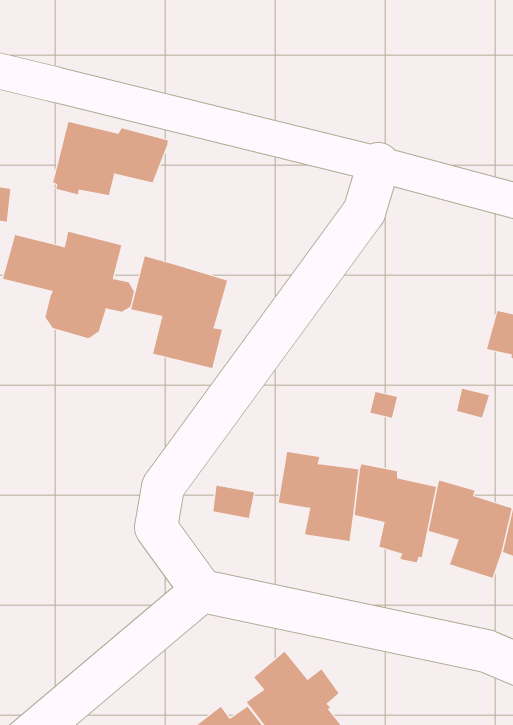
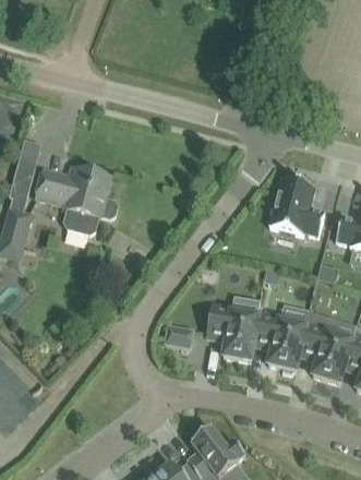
building: [52,121,168,196] -> none
building: none -> [269,179,325,237]
building: [130,256,228,369] -> none

